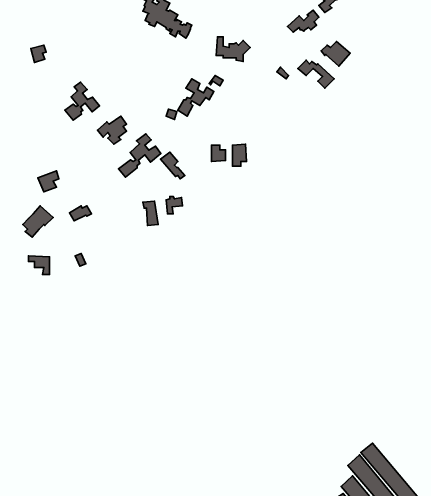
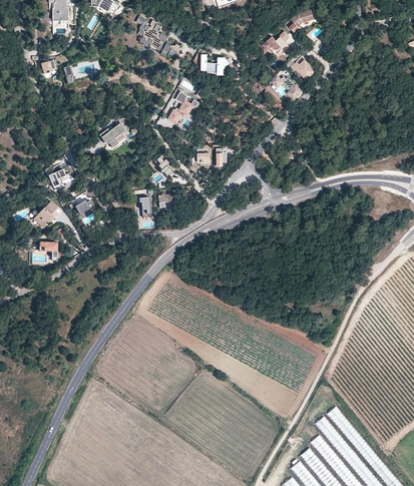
building: [65,82,99,120] -> none
building: [119,134,161,177] -> none

